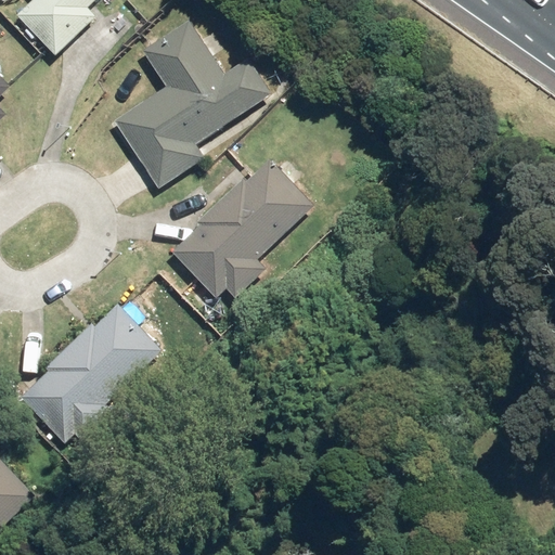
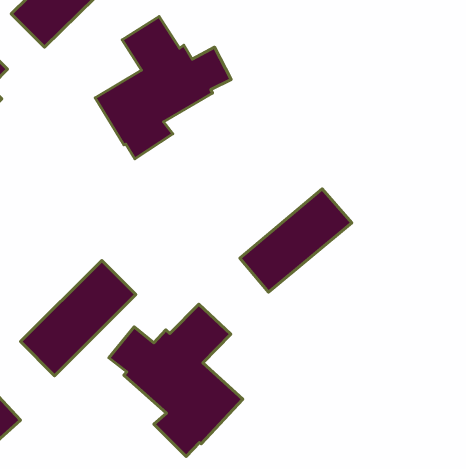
building: [178,172,309,294] -> [240,189,352,292]
building: none -> [109,304,243,456]

